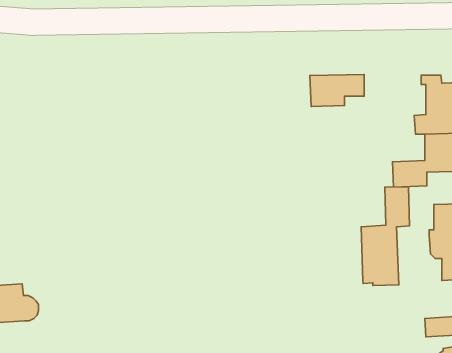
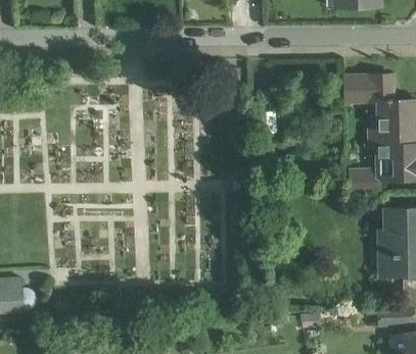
building: [310,74,364,107] -> [343,74,391,103]
building: [361,187,409,286] -> none

